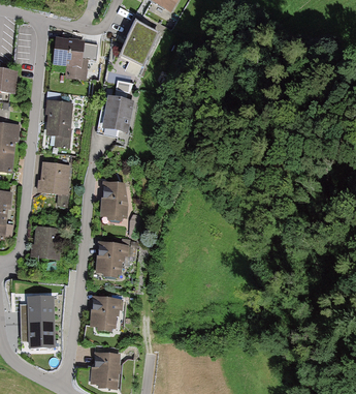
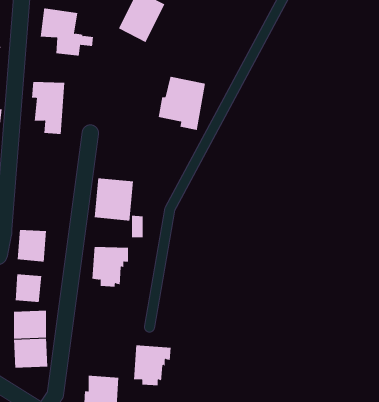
building: [97,96,138,143] -> [158,76,206,130]
building: [39,162,67,206] -> none
building: none -> [15,273,42,303]
building: [90,297,123,332] -> [133,345,172,386]

